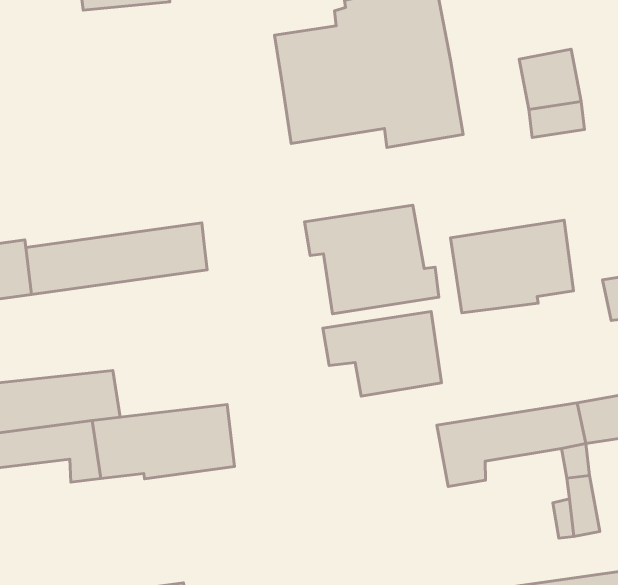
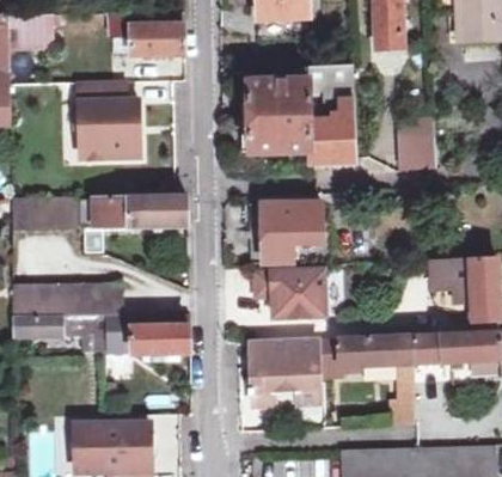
building: none -> [76,81,139,160]
building: [450,220,573,313] -> none
building: none -> [253,338,323,405]

